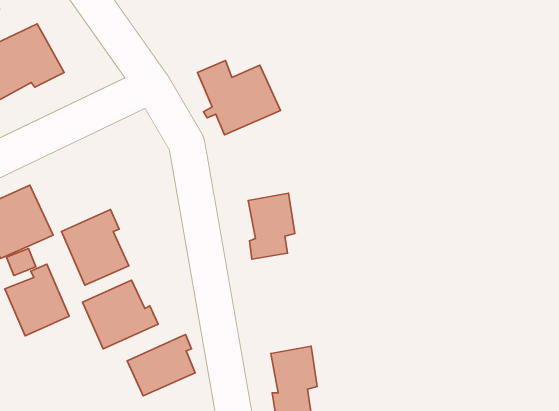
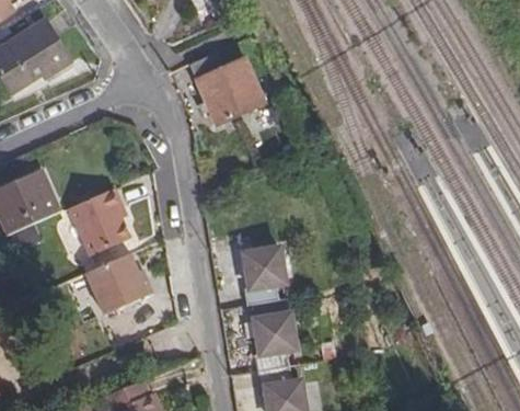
building: [248,193,295,259] -> [243,246,285,305]
building: [5,264,69,336] -> none
building: [127,335,195,396] -> none

